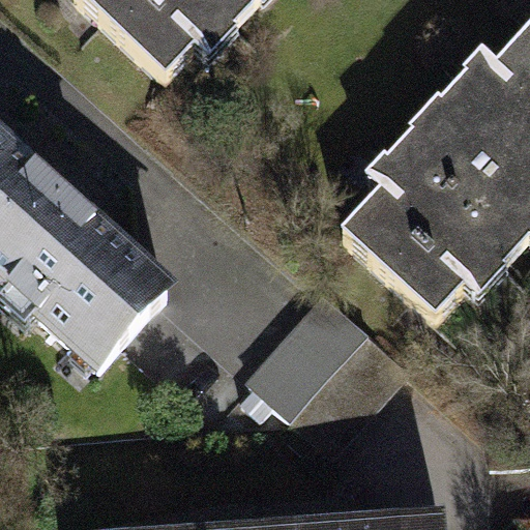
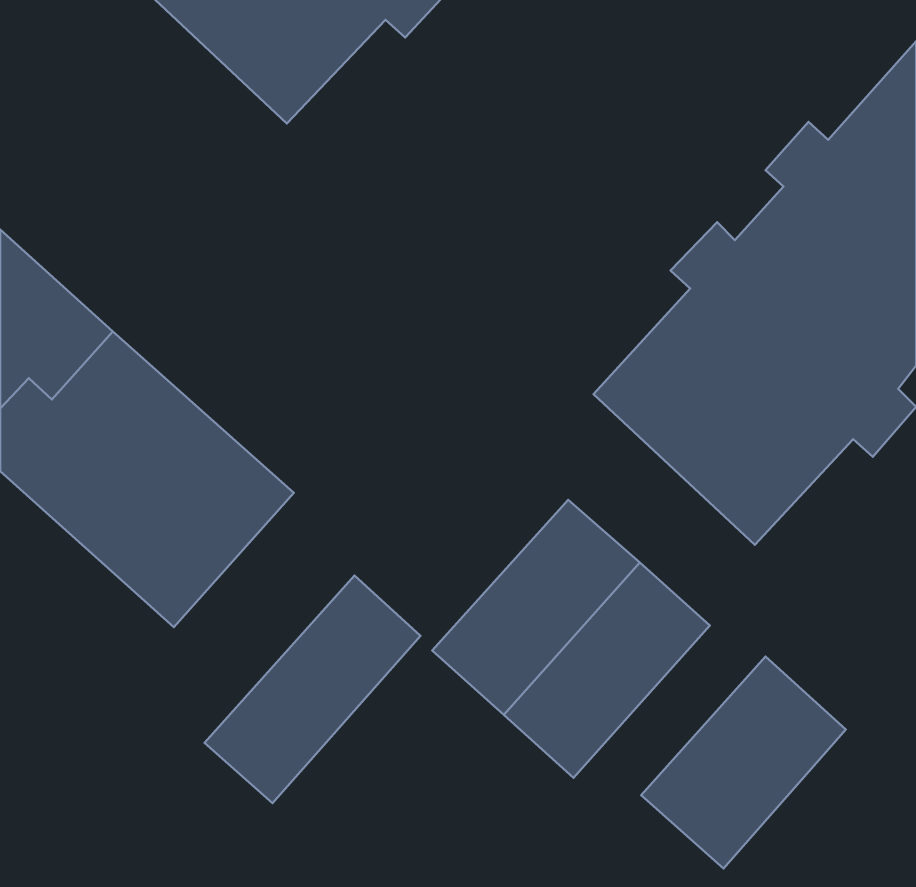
building: none -> [205,575,420,803]
building: none -> [641,656,846,868]

